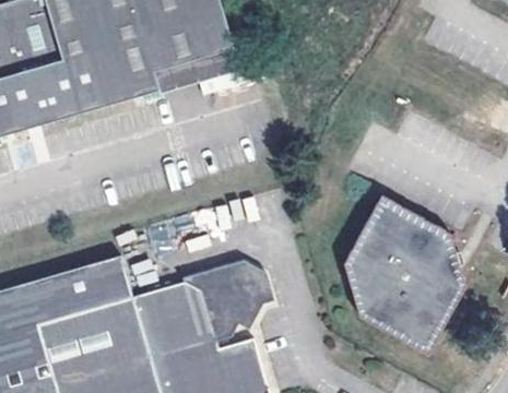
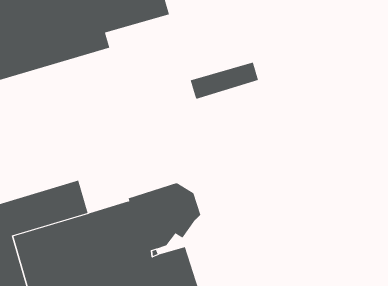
building: [154,48,240,95] -> [190,62,259,99]
building: [344,194,465,355] -> none

